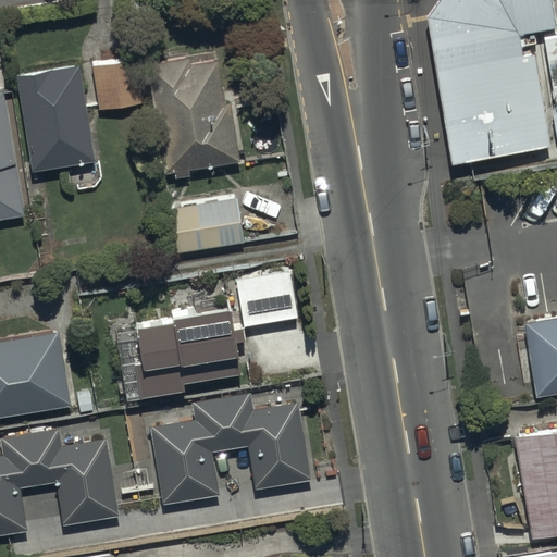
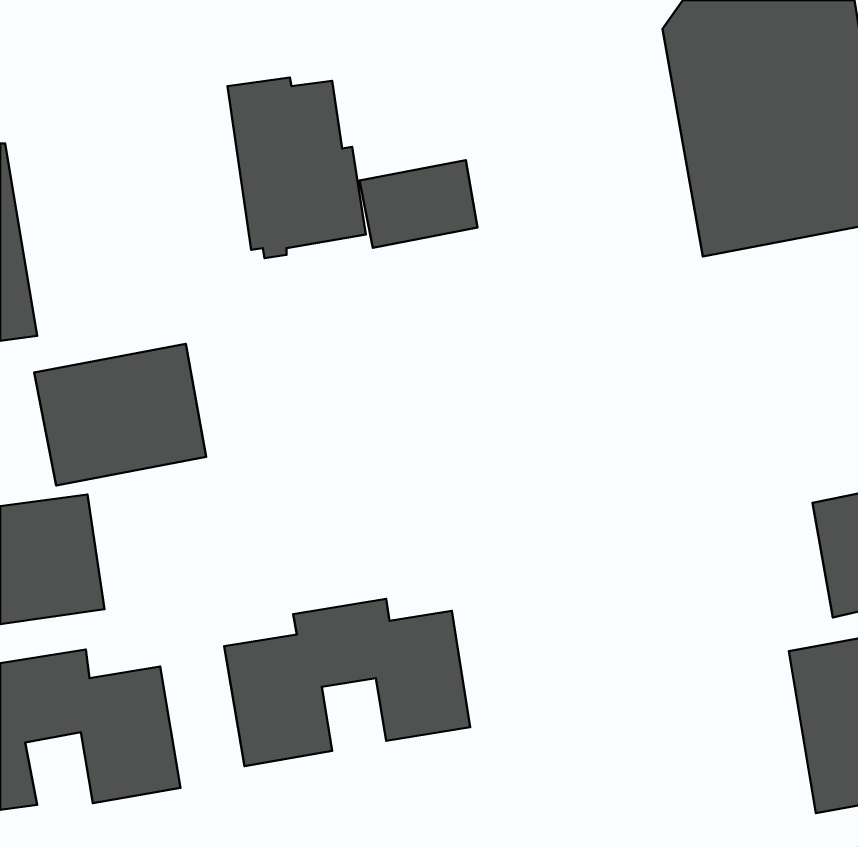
building: [92,60,139,110] -> none
building: [13,61,92,172] -> none
building: [168,198,244,255] -> [359,160,477,248]
building: [237,275,298,329] -> none
building: [134,302,245,394] -> [34,344,206,486]

